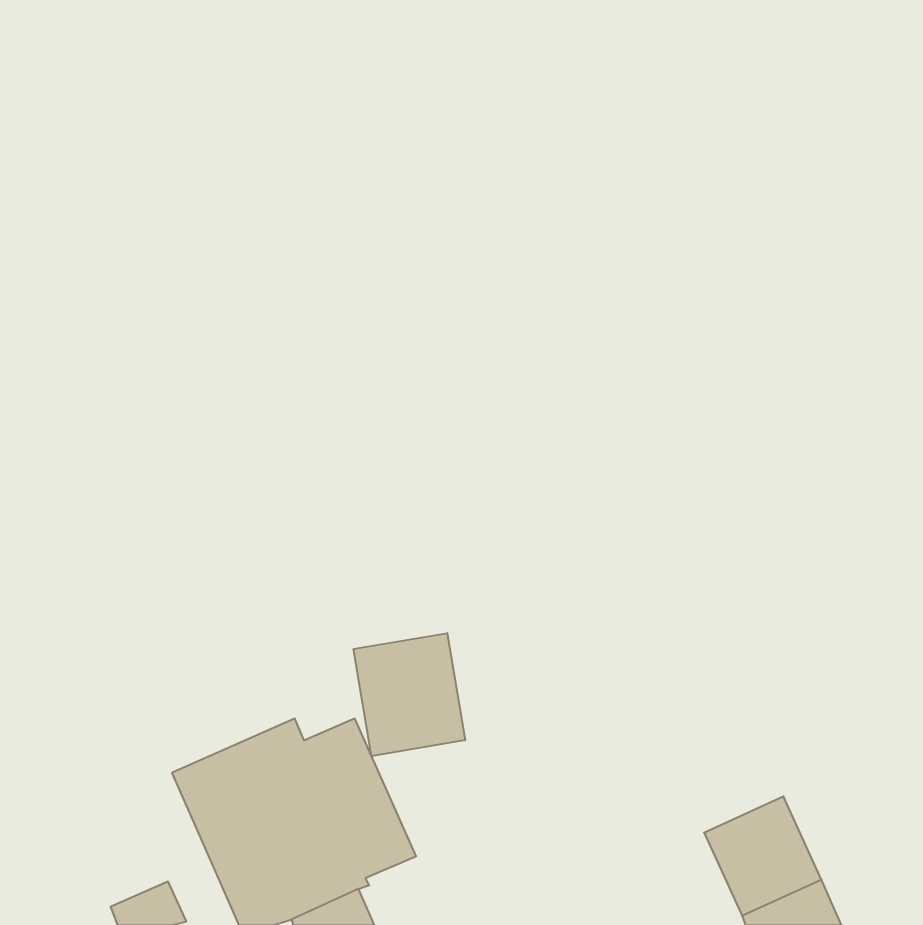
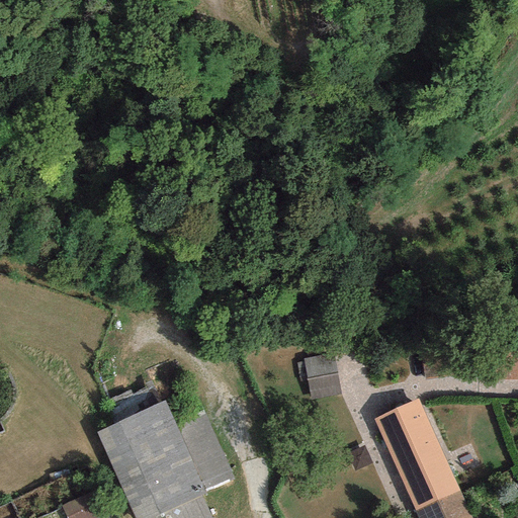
building: [354,633,465,756] -> none
building: none -> [304,354,340,402]
building: none -> [374,400,439,465]

